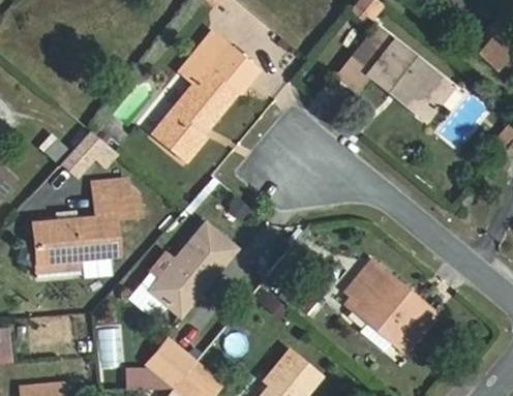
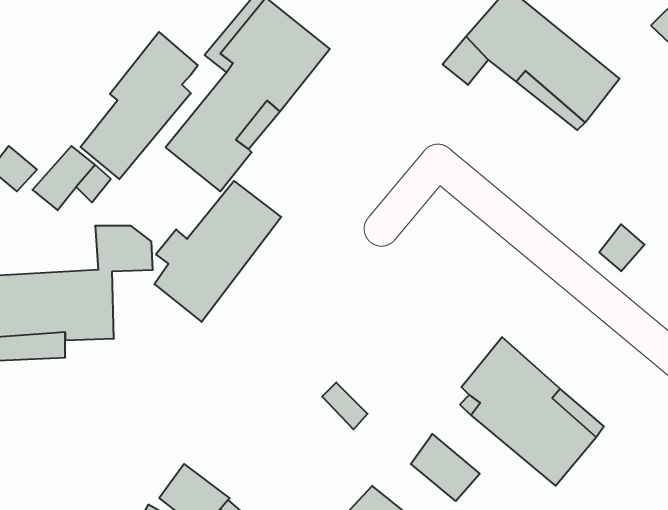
building: none -> [80,32,198,179]
building: [150,223,234,316] -> [154,181,281,322]
building: none -> [411,434,480,501]

